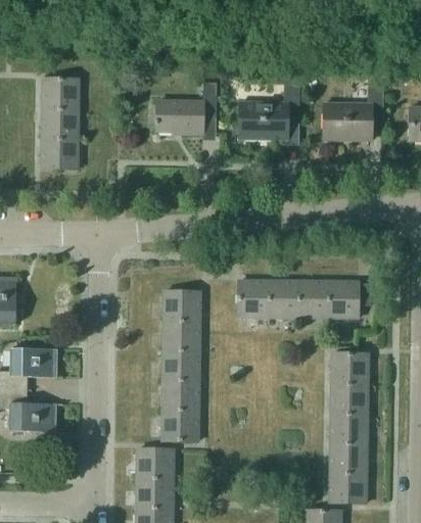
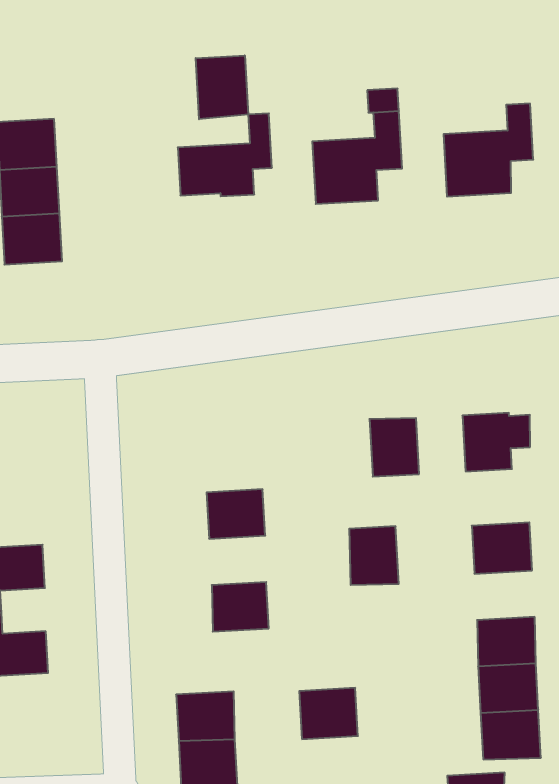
building: none -> [196,55,248,119]
building: [238,280,269,317] -> [349,526,399,585]
building: [298,281,328,317] -> none
building: [162,290,198,321] -> none
building: [162,350,198,380] -> none
building: [330,382,367,412] -> none
building: [161,410,197,440] -> [299,688,358,739]

